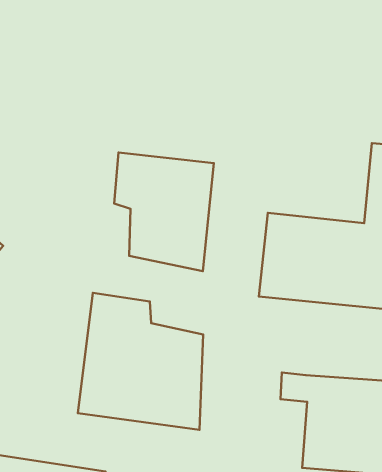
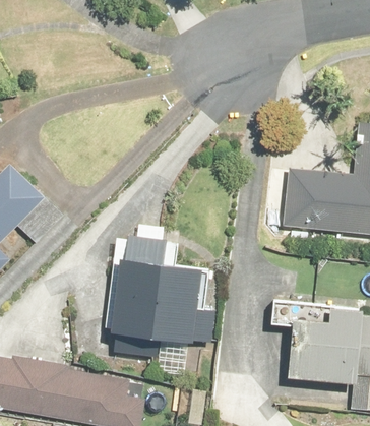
building: [114,153,214,271] -> none

